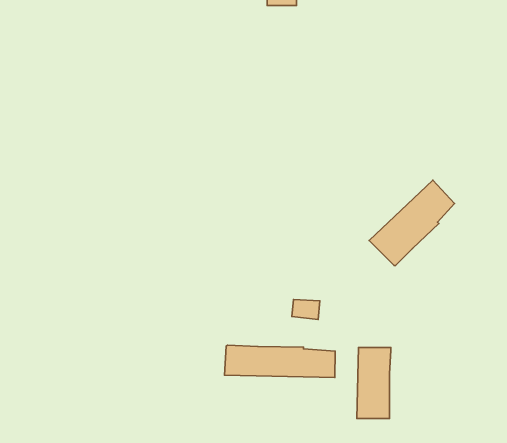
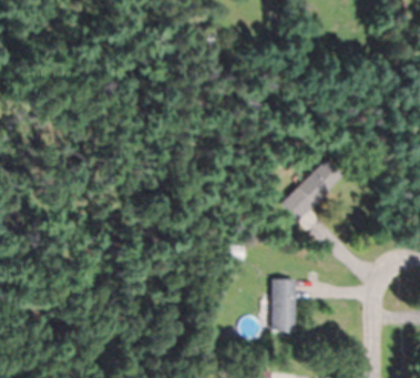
building: [224,345,335,377] -> none

